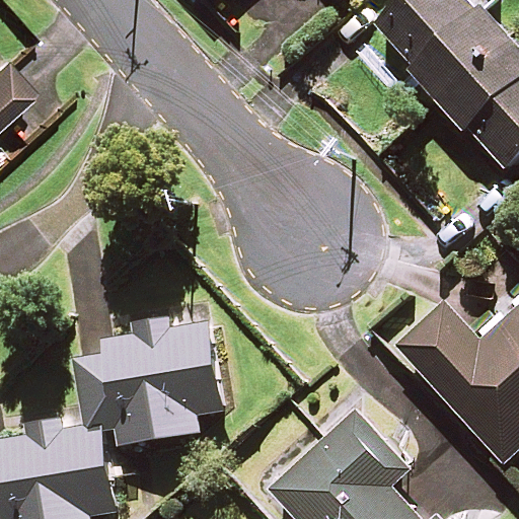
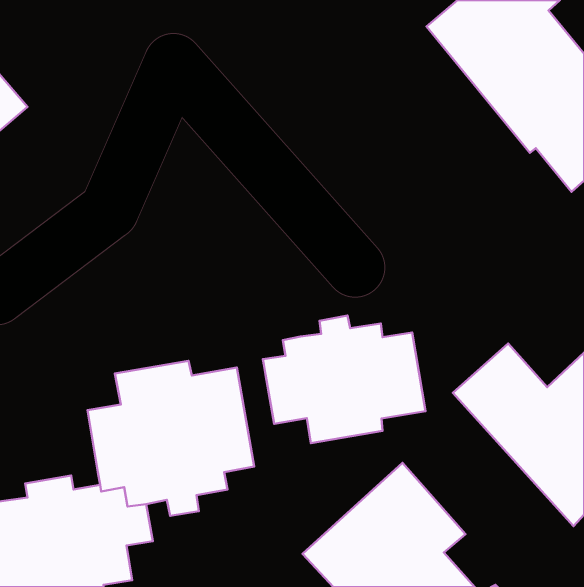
building: none -> [263,316,425,443]

